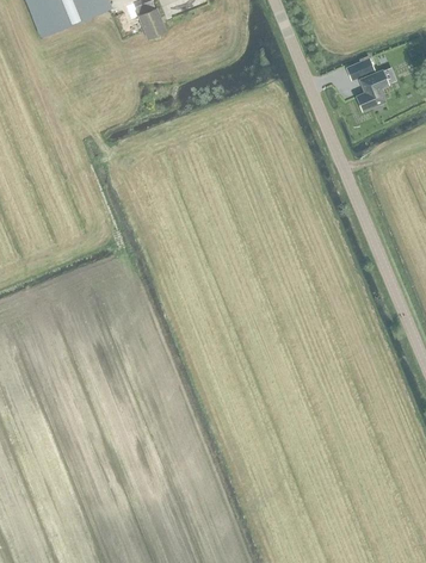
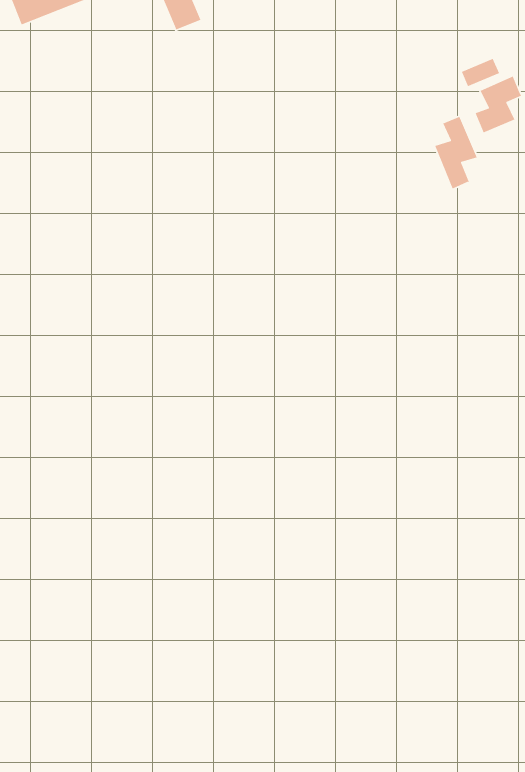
building: none -> [434,116,478,190]

